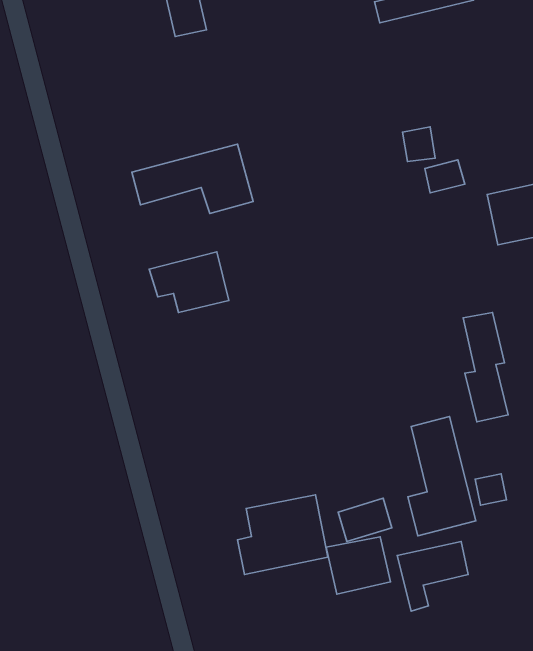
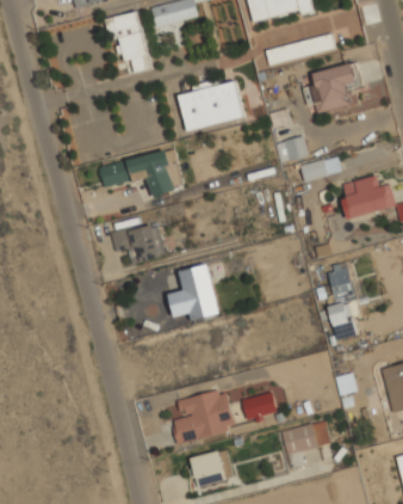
building: none -> [303,61,360,113]
building: none -> [176,75,244,131]
building: none -> [168,264,218,321]
building: [408,417,476,536] -> none
building: [326,537,390,594] -> [188,450,232,490]

